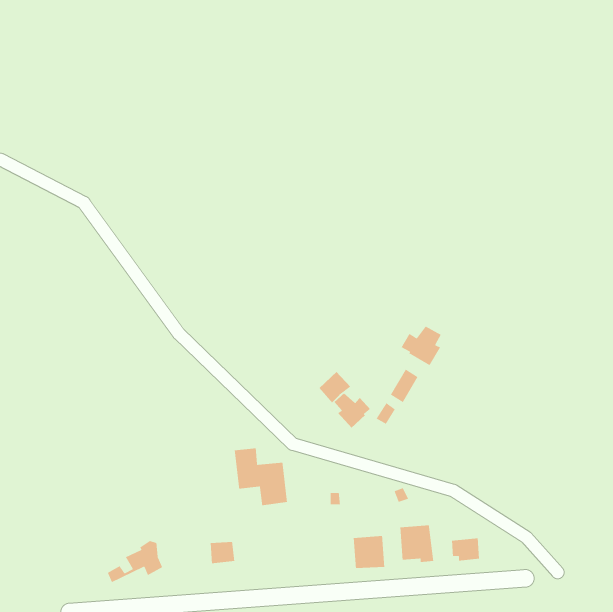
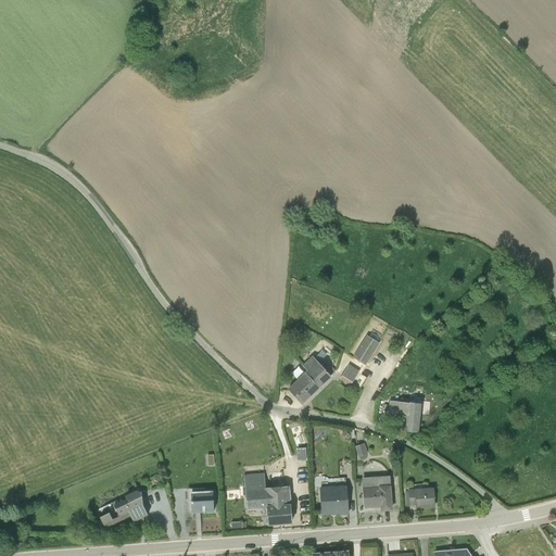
building: [401,325,442,366] -> none
building: [319,371,351,404] -> [289,374,318,403]
building: none -> [390,397,420,431]
building: [234,447,288,506] -> [243,471,292,525]

